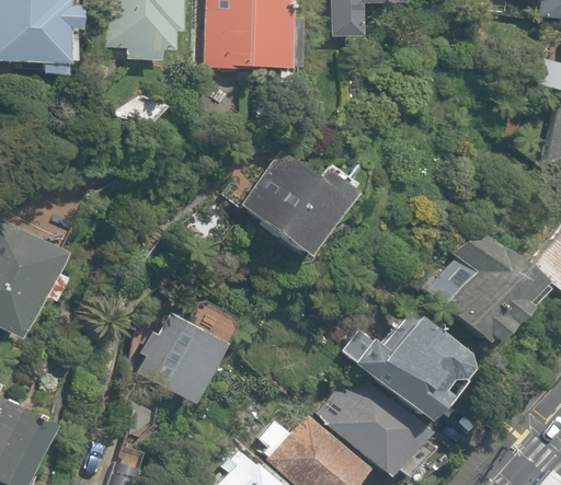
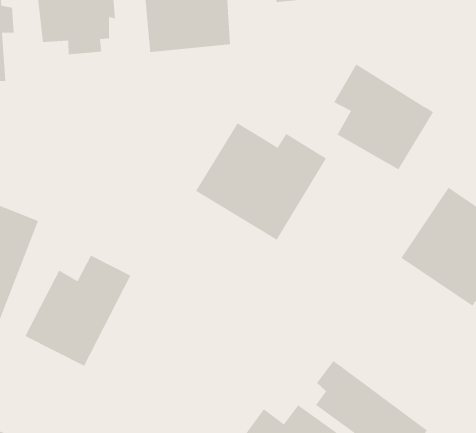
building: none -> [333,64,434,170]
building: [131,296,239,401] -> [25,255,131,366]
building: [343,314,477,423] -> none

